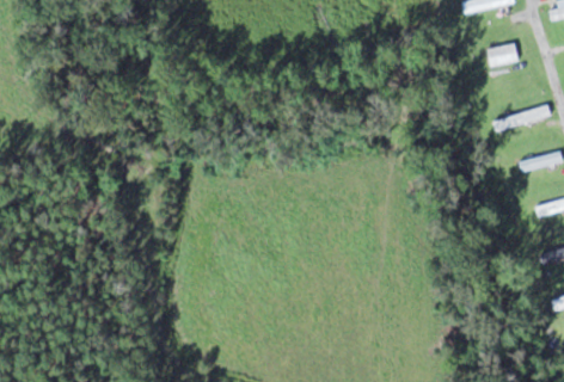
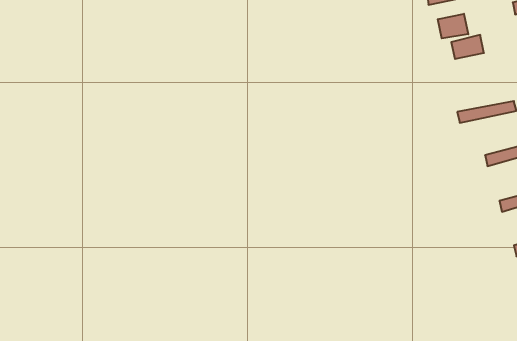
building: none -> [438,14,468,38]

